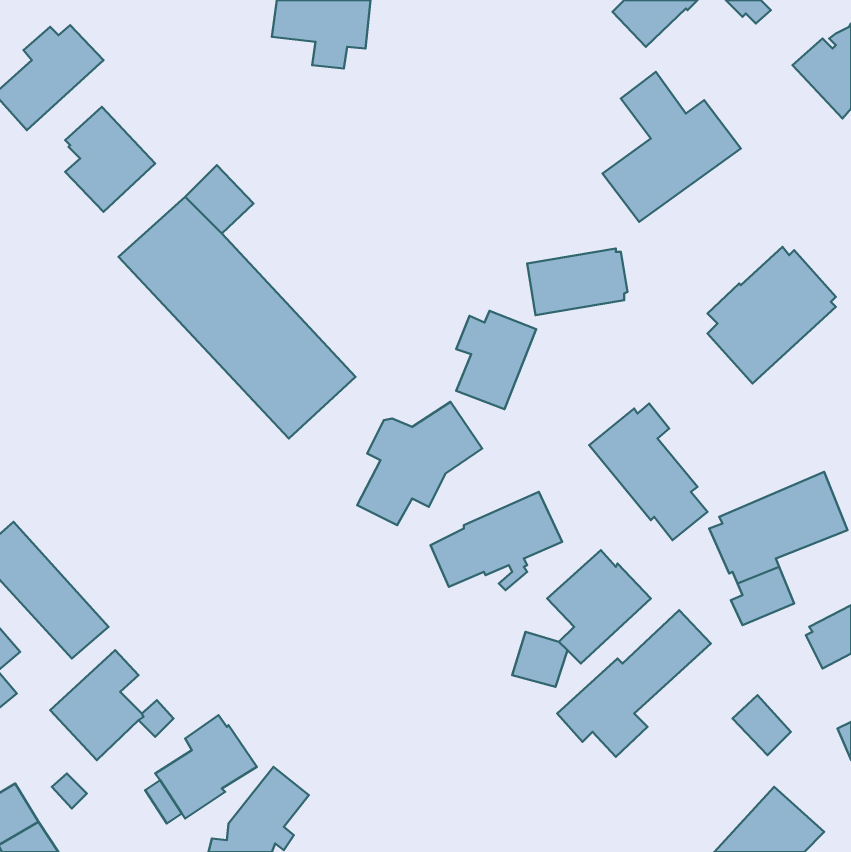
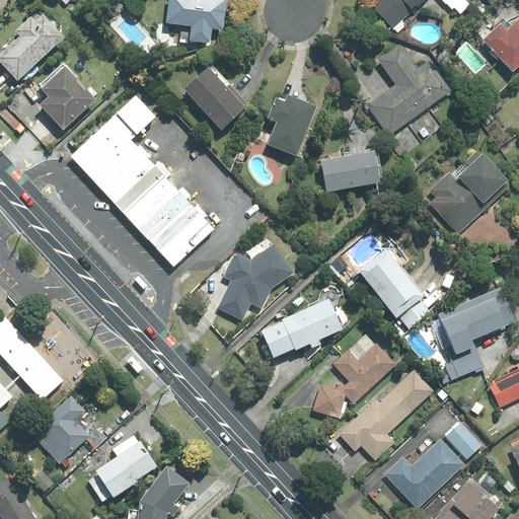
building: none -> [183,66,247,130]
building: [456,311,536,409] -> [267,95,315,155]
building: none -> [384,439,463,509]

